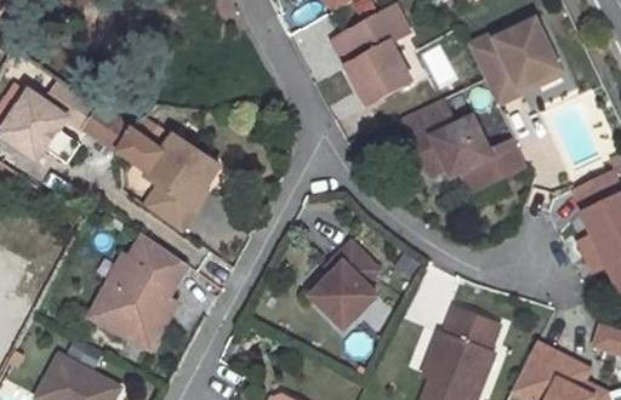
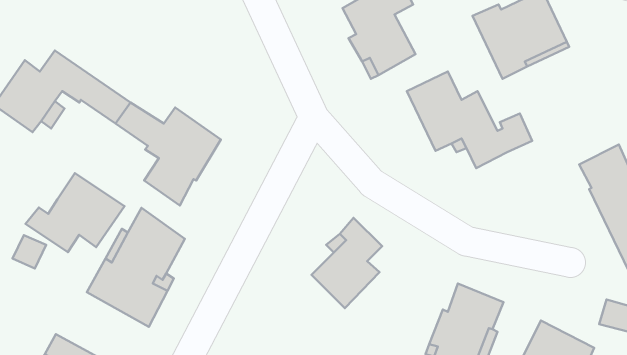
building: none -> [26,173,124,252]

